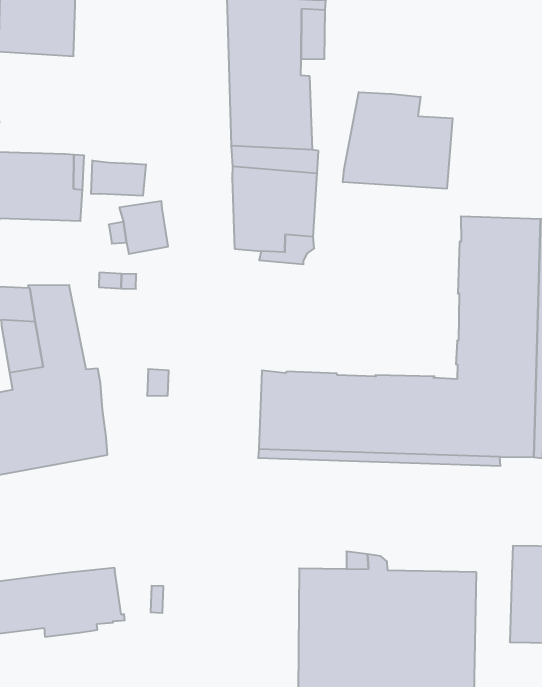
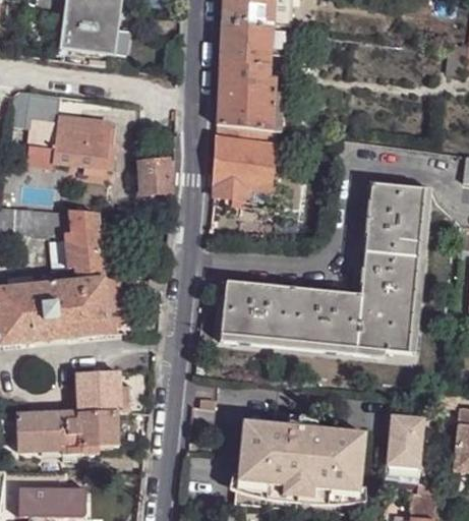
building: [343,92,453,189] -> none
building: [91,160,146,196] -> none
building: none -> [76,369,127,410]

